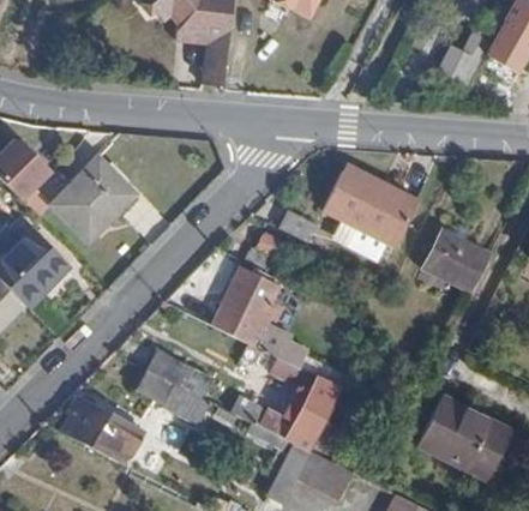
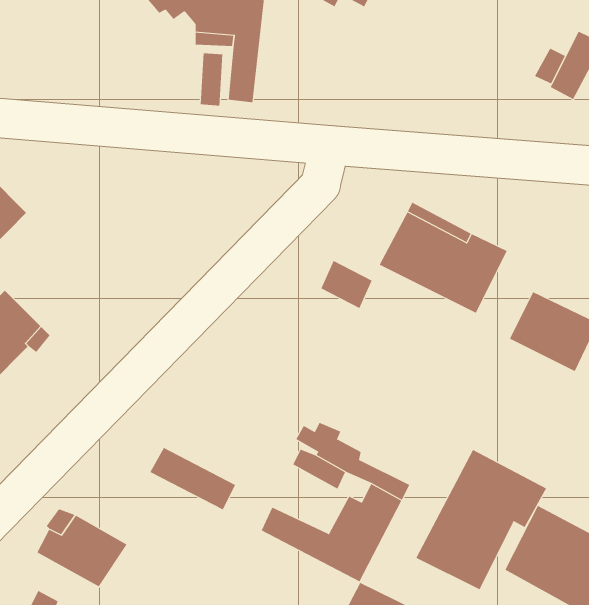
building: [53,160,134,240] -> none
building: [210,269,279,348] -> none
building: none -> [416,449,547,590]
building: [134,369,206,425] -> none

